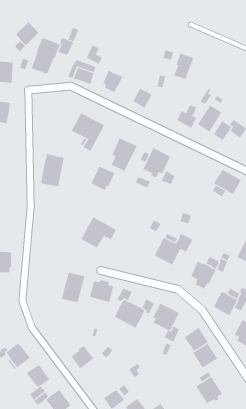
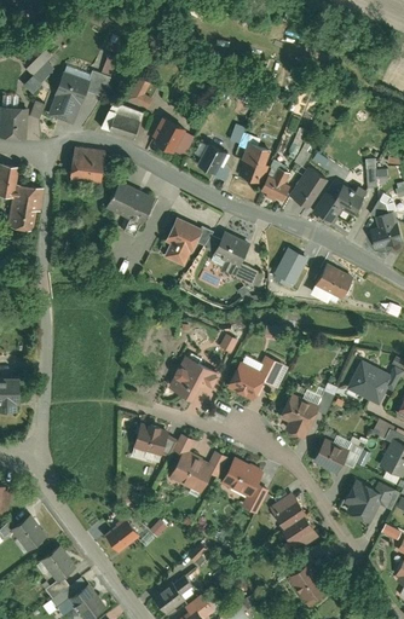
building: [173,53,194,80] -> [239,144,270,183]
building: none -> [70,146,106,184]
building: [41,154,65,187] -> [8,181,44,230]
building: none -> [272,248,308,284]
building: [91,166,115,191] -> none
building: [80,217,117,248] -> [168,354,221,400]
building: [61,272,85,303] -> none

